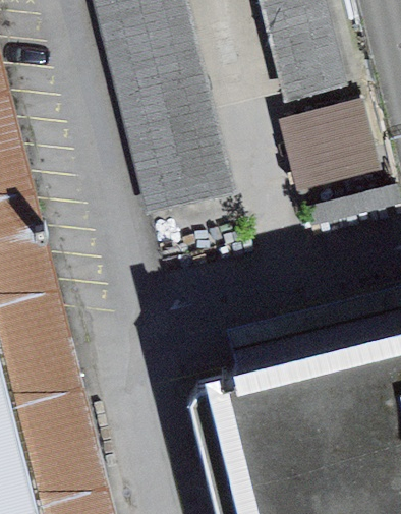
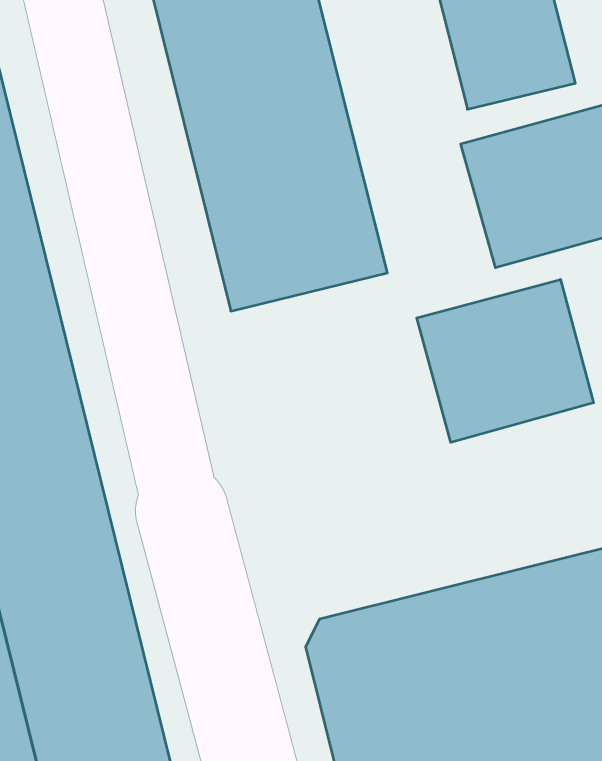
building: none -> [417,279,594,442]

